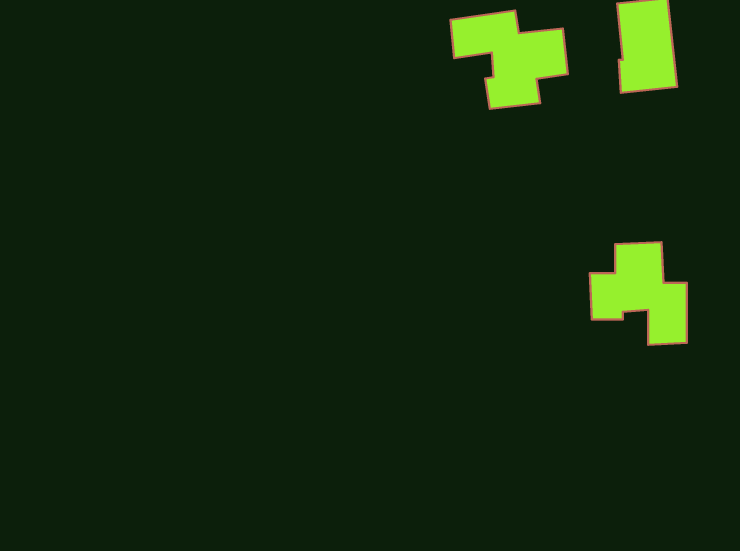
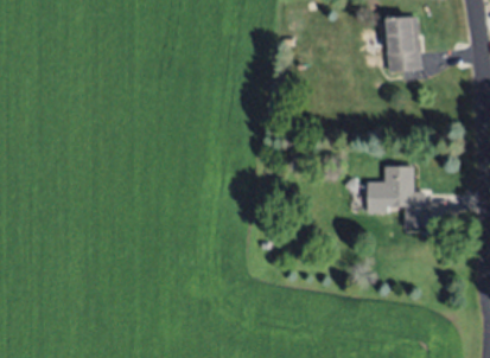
building: [451,10,568,109] -> none

